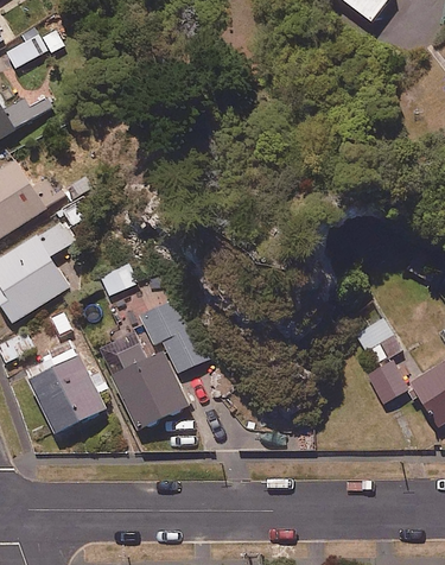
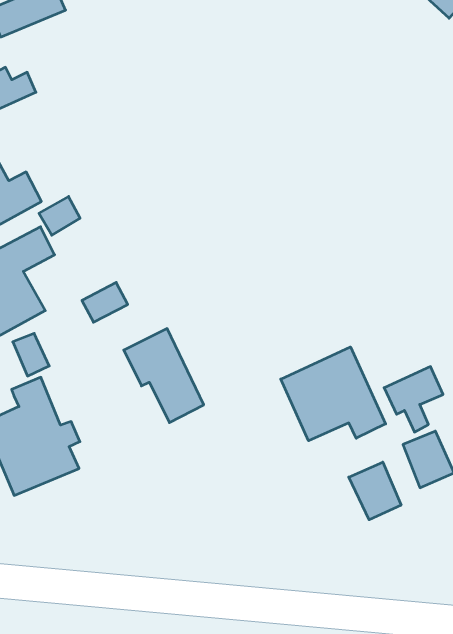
building: none -> [281,347,386,441]
building: [98,331,190,431] -> none
building: none -> [349,462,401,520]

